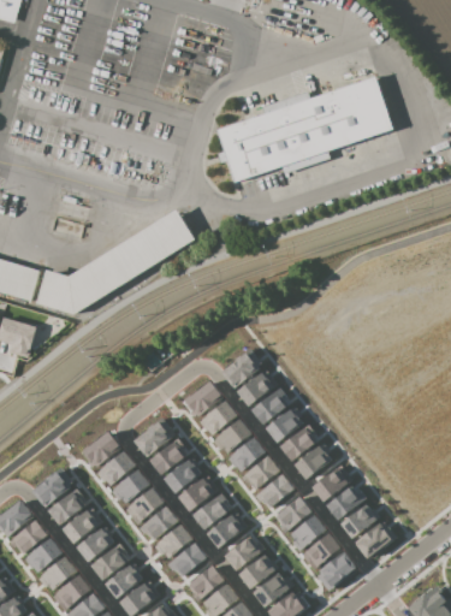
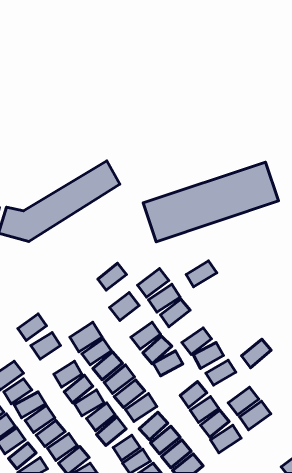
building: [219,77,394,180] -> [143,162,279,242]
building: [198,401,236,436] -> [98,263,127,290]
building: [263,408,303,442] -> [186,261,217,287]
building: [97,451,135,486] -> [18,314,46,341]
building: [255,473,293,510] -> none
building: [325,484,363,521] -> [241,339,271,368]

